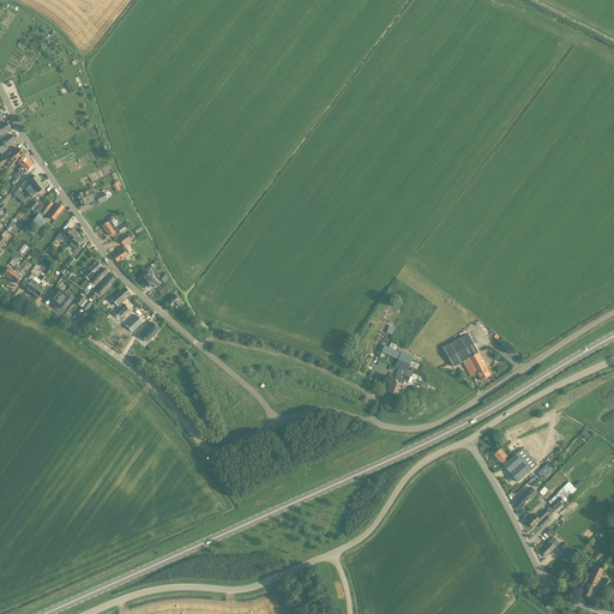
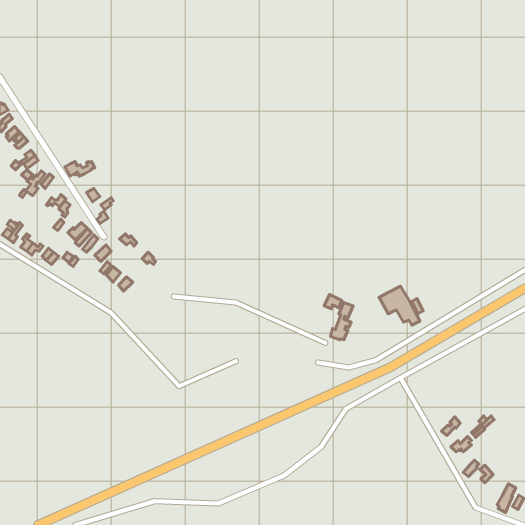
building: [493,446,536,481] -> none

